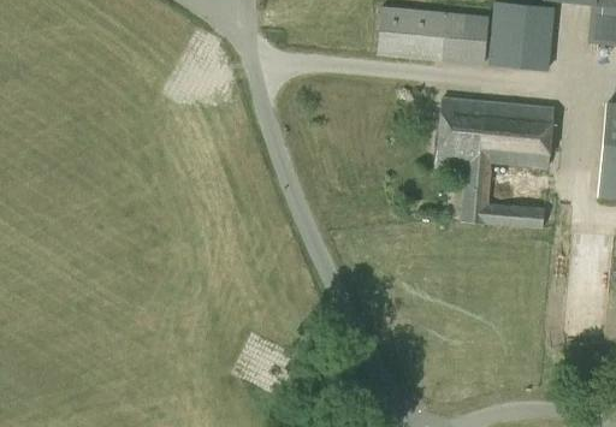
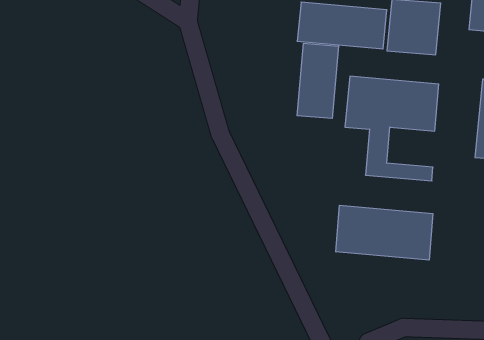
building: none -> [297,43,339,118]
building: none -> [336,205,433,260]

